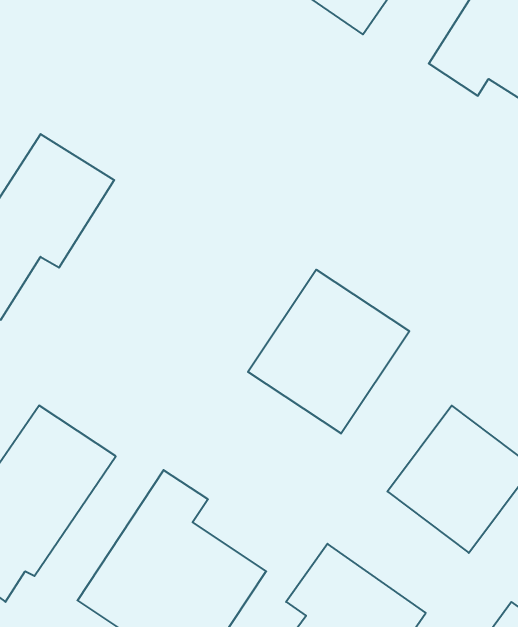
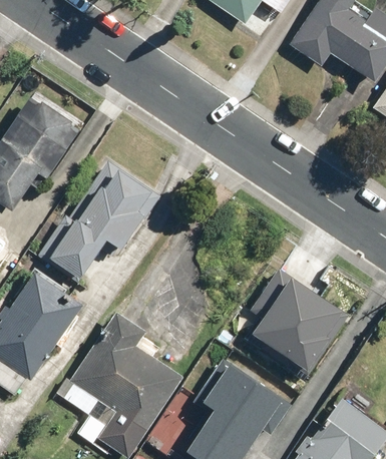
building: none -> [41,162,148,278]
building: [248,270,409,434] -> none

